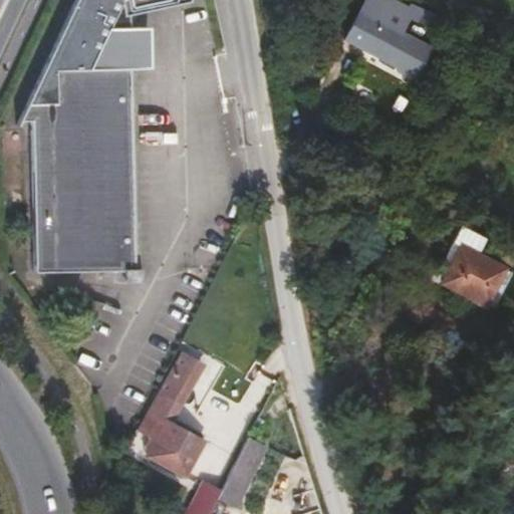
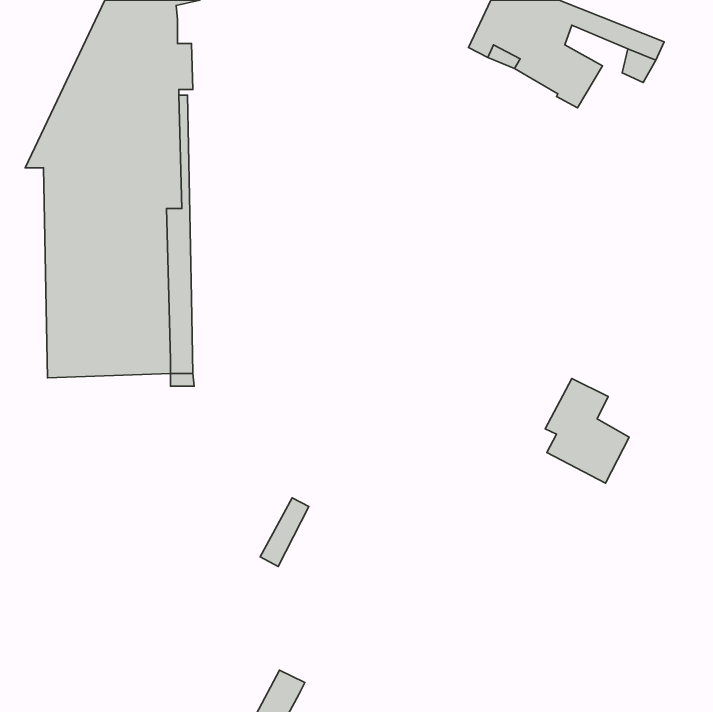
building: [444,230,504,305] -> [545,378,629,483]
building: [139,352,204,479] -> none
building: [216,438,265,509] -> none

